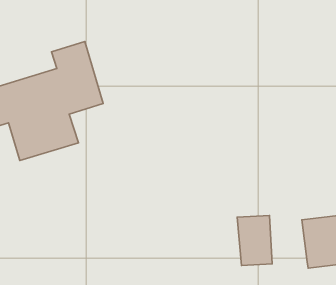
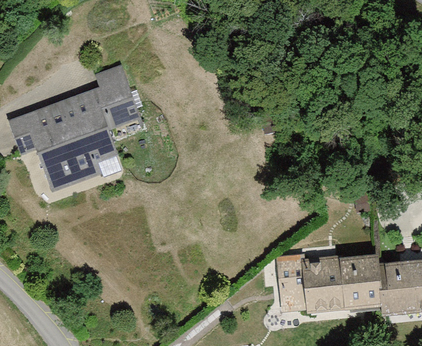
building: none -> [339,254,382,310]
building: none -> [275,257,307,315]

